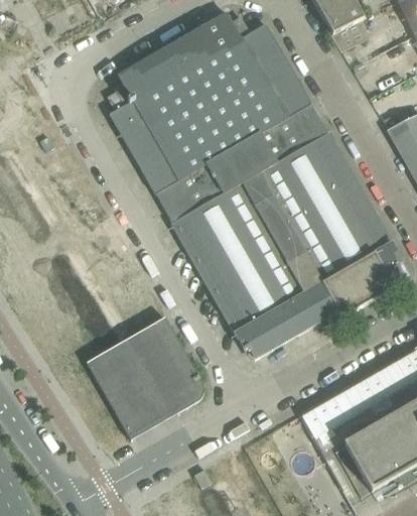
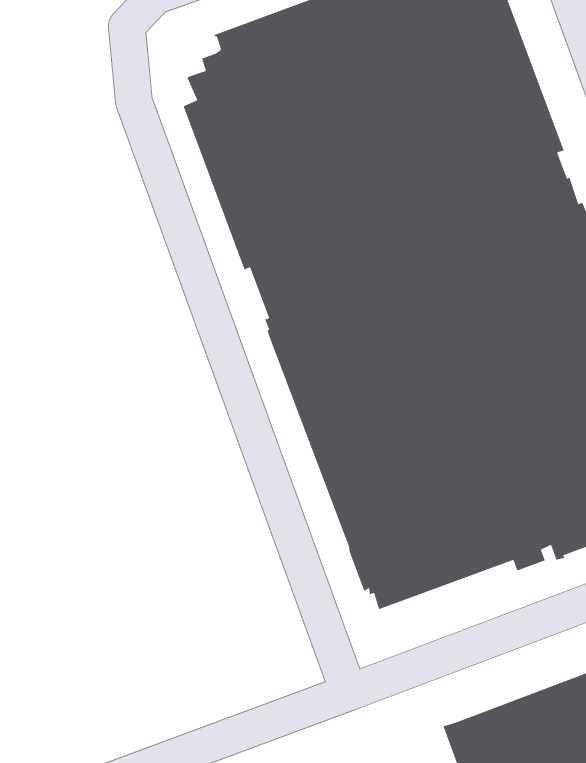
building: [88,316,204,439] -> none

